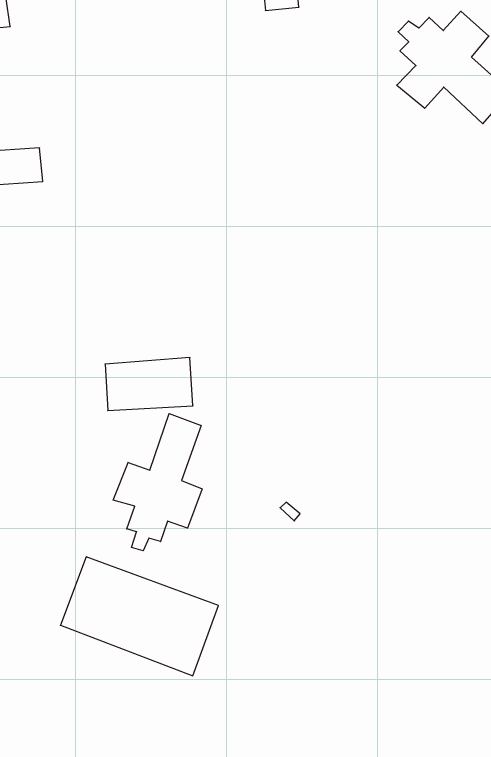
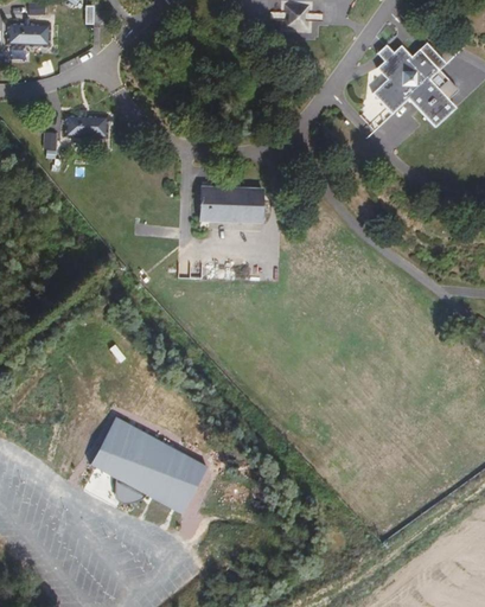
building: [105,358,193,411] -> [199,186,263,223]
building: [113,414,202,551] -> none

